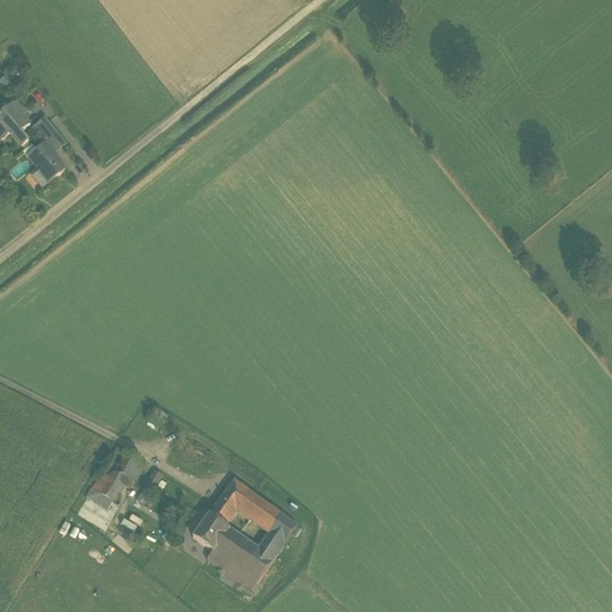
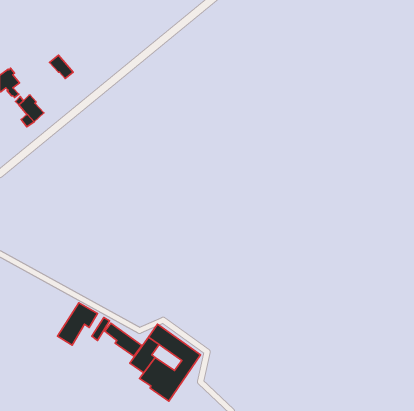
building: [30,115,65,149] -> [50,55,73,79]
building: none -> [105,323,142,356]

